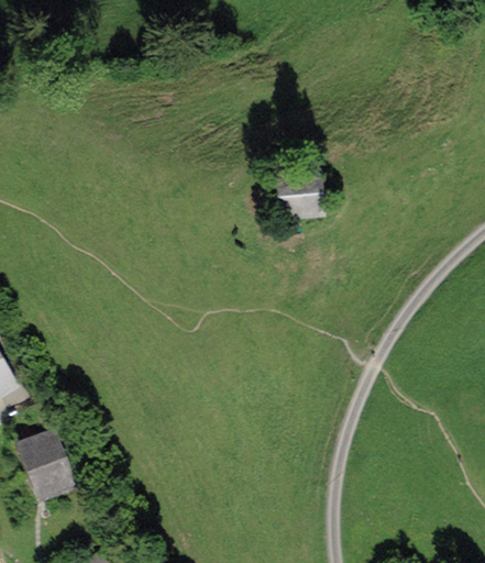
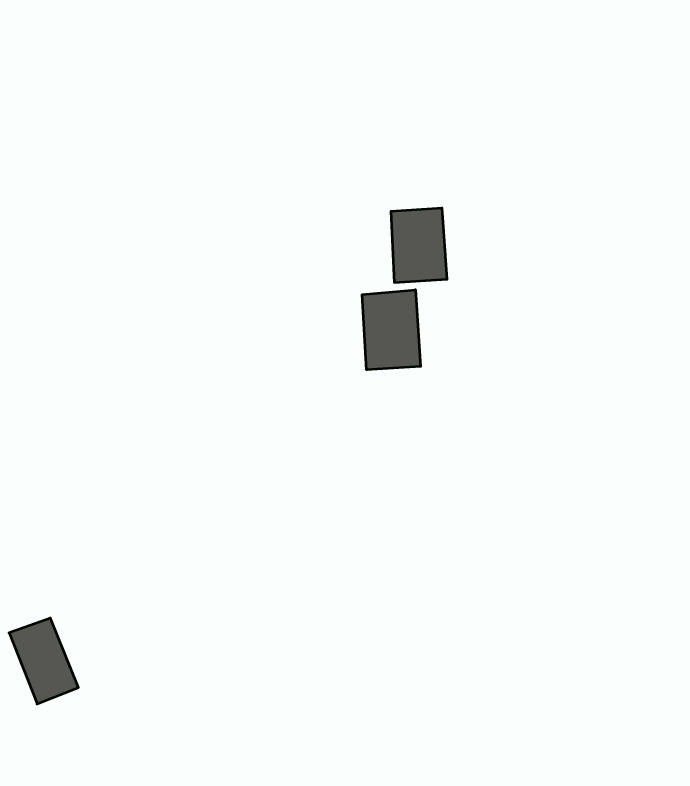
building: none -> [362,290,421,370]

